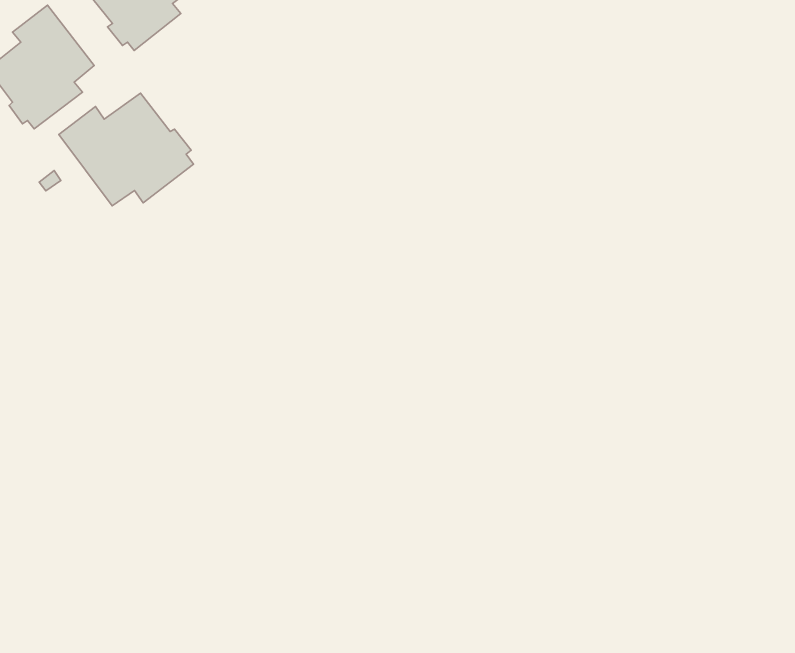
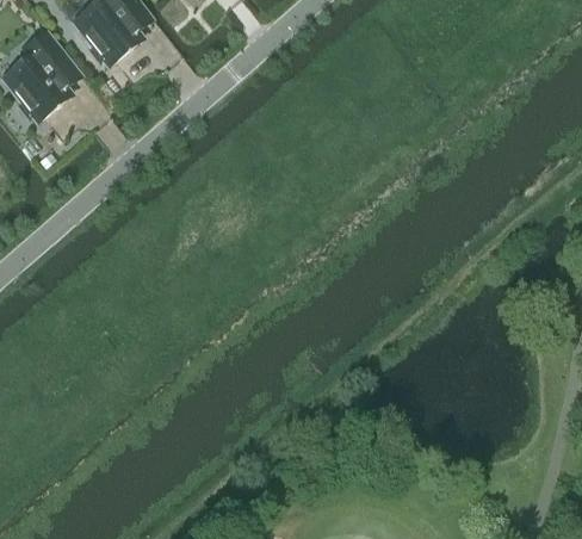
building: [59,93,194,206] -> none

